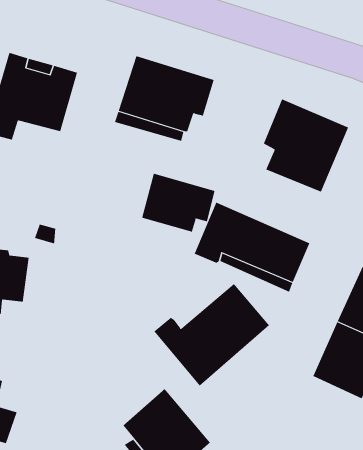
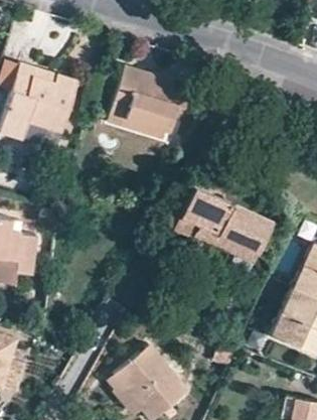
building: [263,99,349,192] -> none
building: [141,173,215,233] -> none
building: [153,283,270,386] -> none

